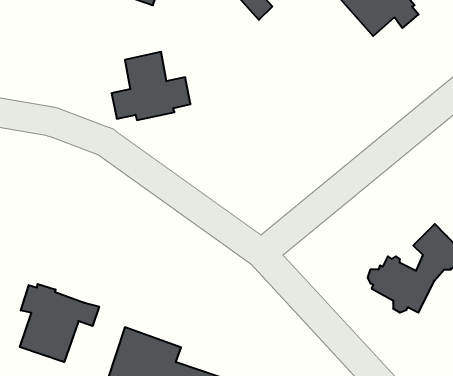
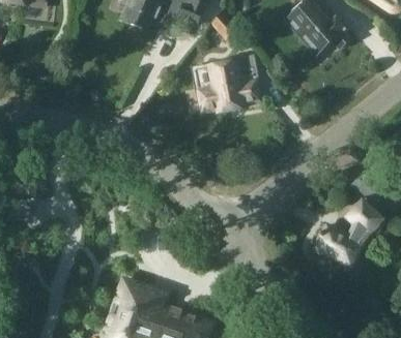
building: [111,52,191,120] -> [197,59,258,112]
building: [20,284,99,362] -> none

